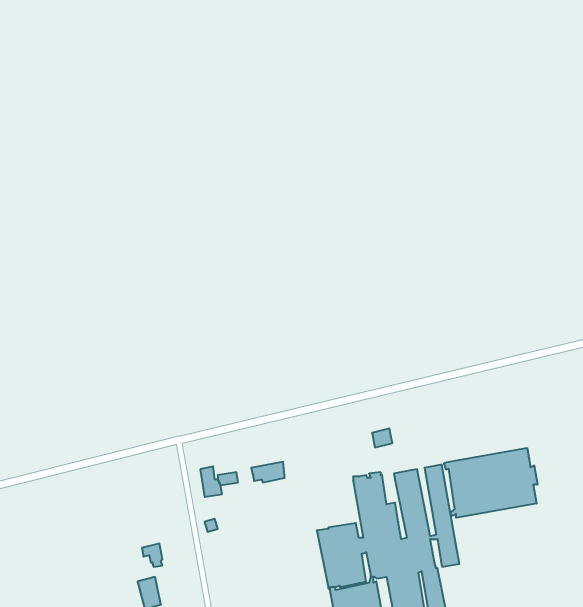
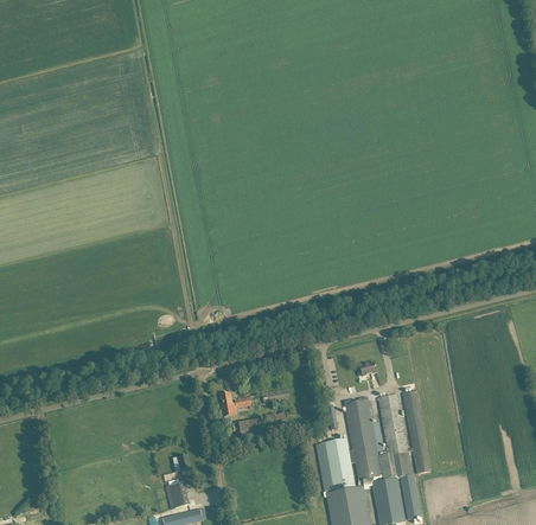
building: [444,448,537,518] -> none

